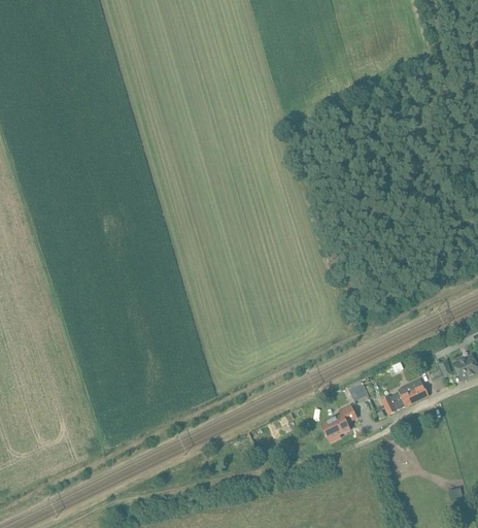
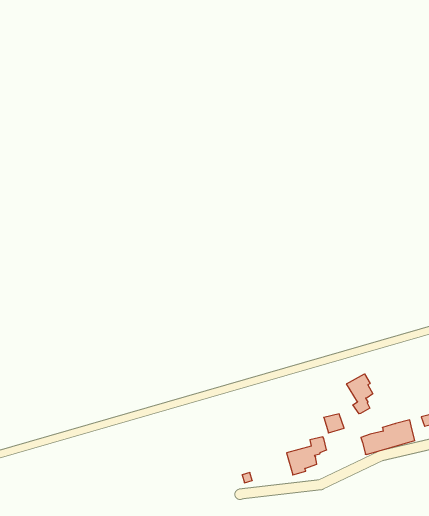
building: none -> [347,374,373,414]

